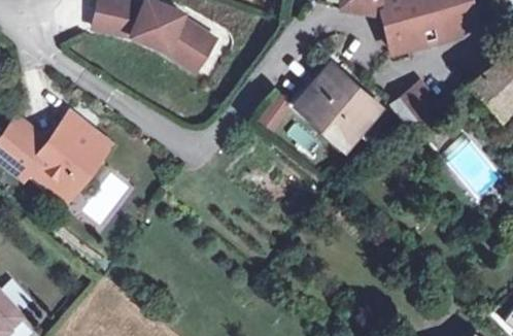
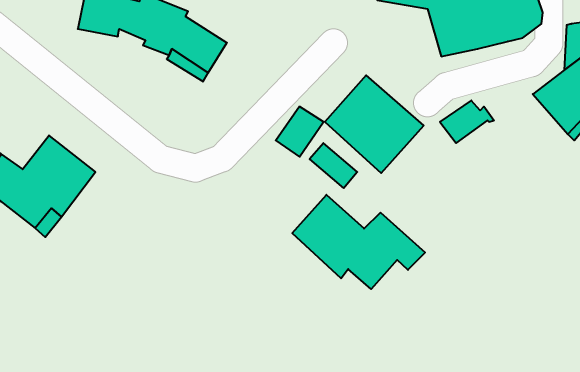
building: none -> [292,195,425,289]

